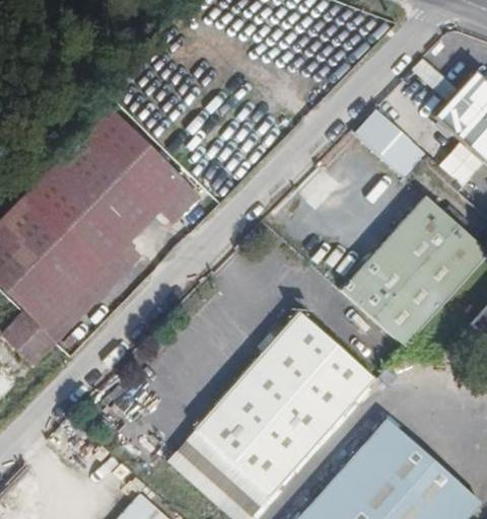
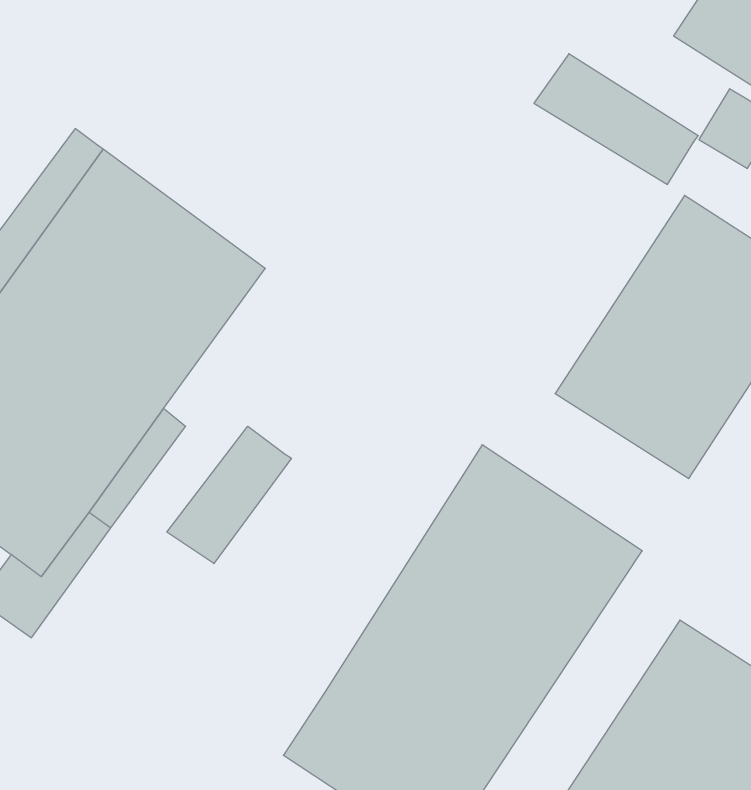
building: none -> [167,426,291,564]

